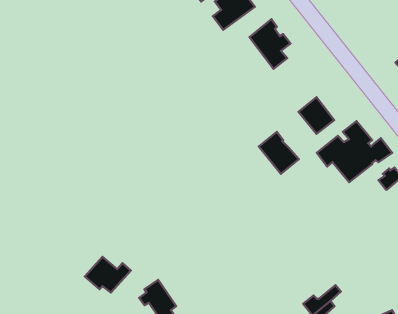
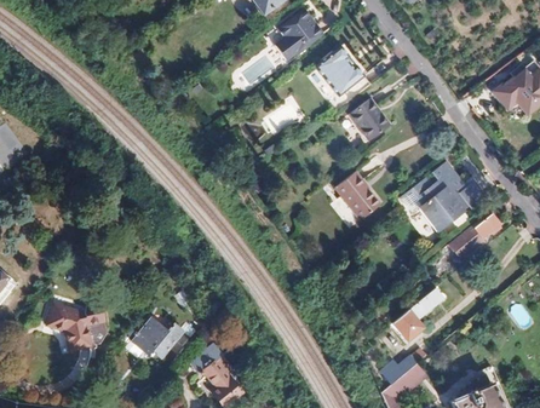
building: [299,97,334,134] -> [347,99,389,142]
building: none -> [447,220,483,255]
building: none -> [393,289,443,343]
building: none -> [52,304,100,351]

